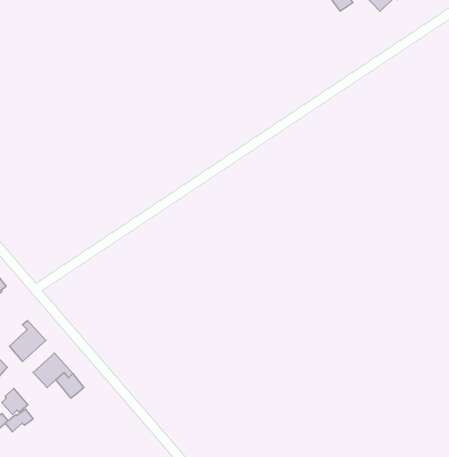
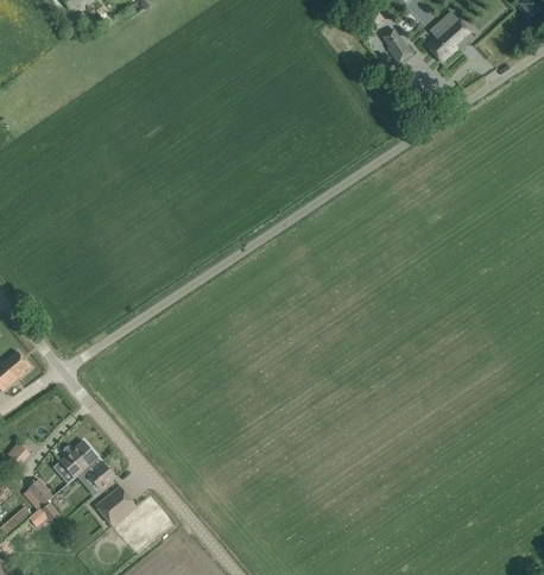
building: [9,321,46,361] -> none
building: none -> [95,484,137,525]

